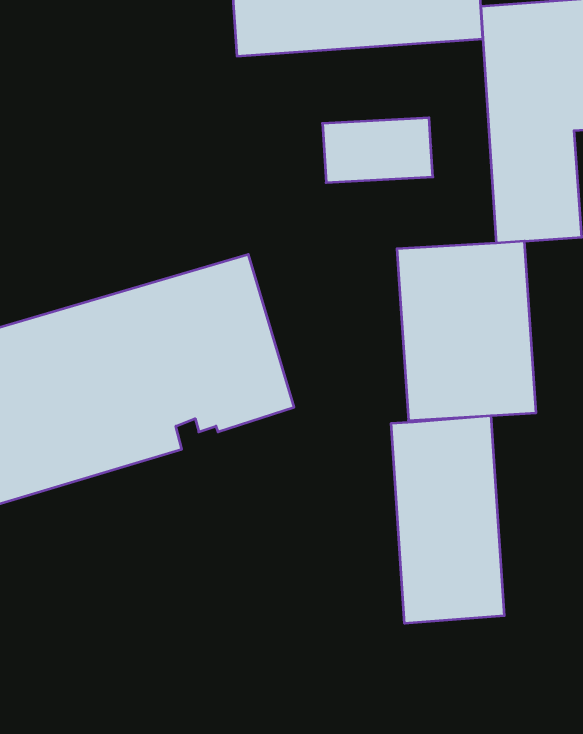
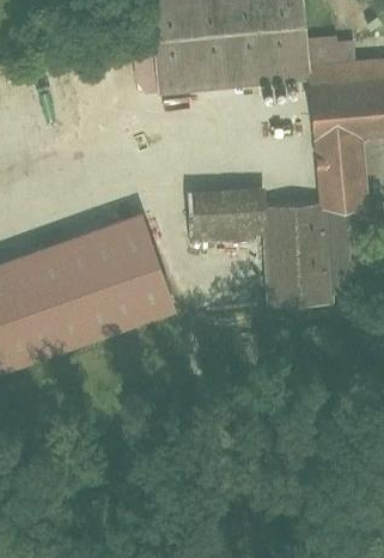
building: [322,118,433,183] -> [187,193,256,233]
building: [391,416,504,623] -> none

